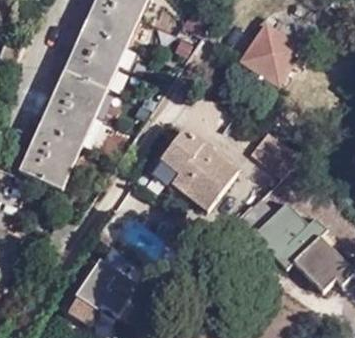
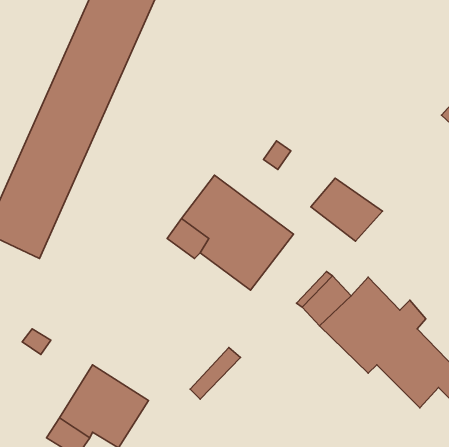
building: [240,23,309,87] -> none

